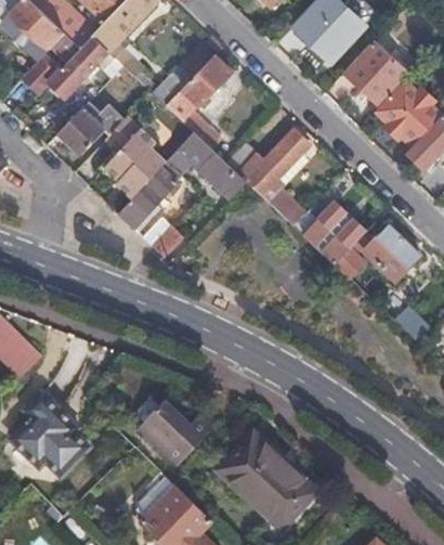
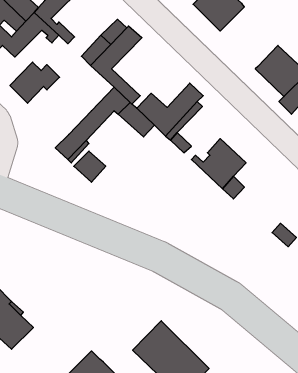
building: [344,40,410,107] -> none
building: [103,120,165,195] -> none
building: [363,225,418,282] -> none
building: [140,402,216,466] -> none

